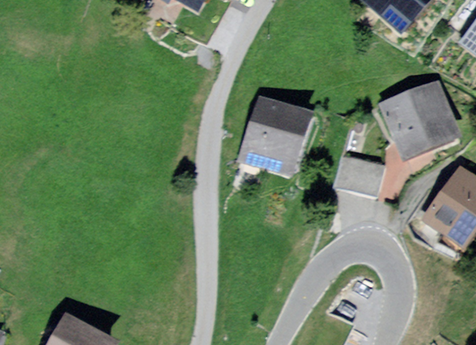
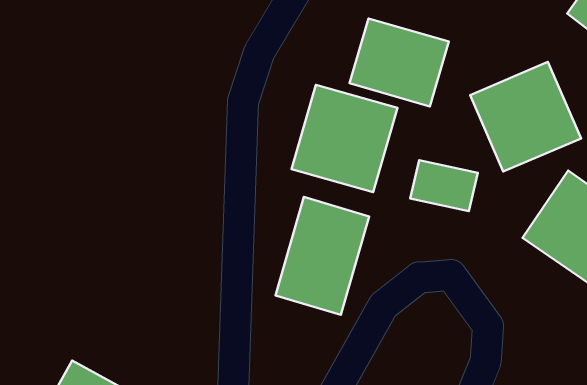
building: none -> [349,18,449,106]
building: none -> [276,197,369,315]

